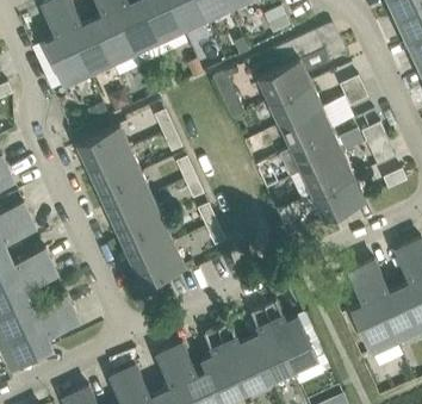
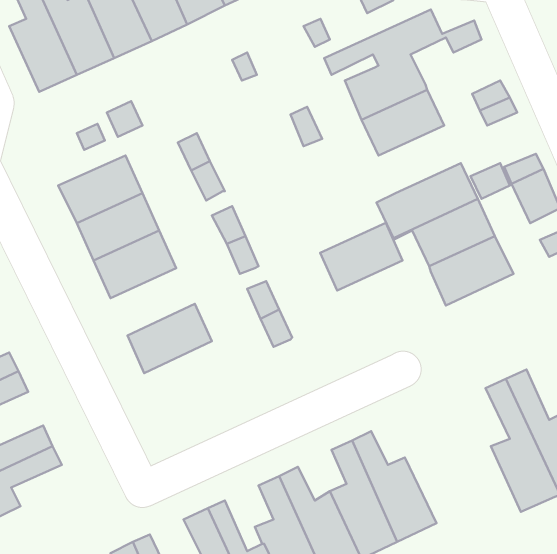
building: [280,107,333,150] -> [320,223,403,290]
building: [110,198,163,241] -> none
building: [131,244,185,288] -> none

